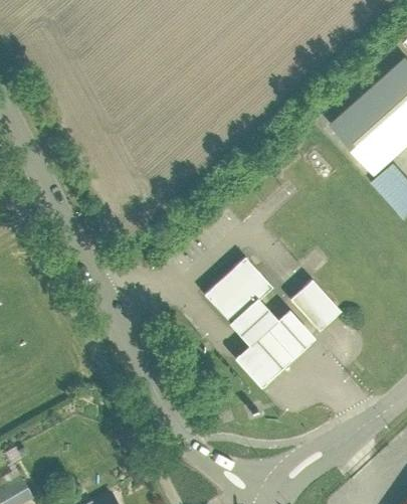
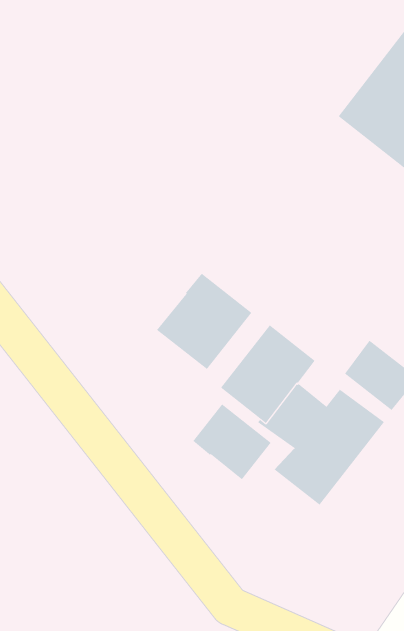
building: none -> [156,273,252,370]
building: none -> [192,404,271,480]

